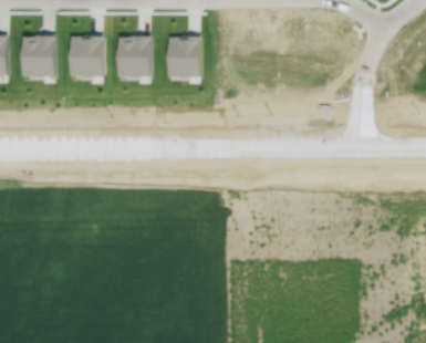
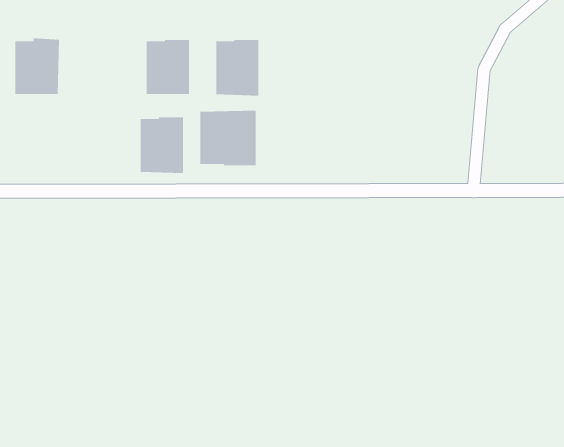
building: [71,35,103,77] -> [140,117,184,174]
building: none -> [200,110,256,166]

